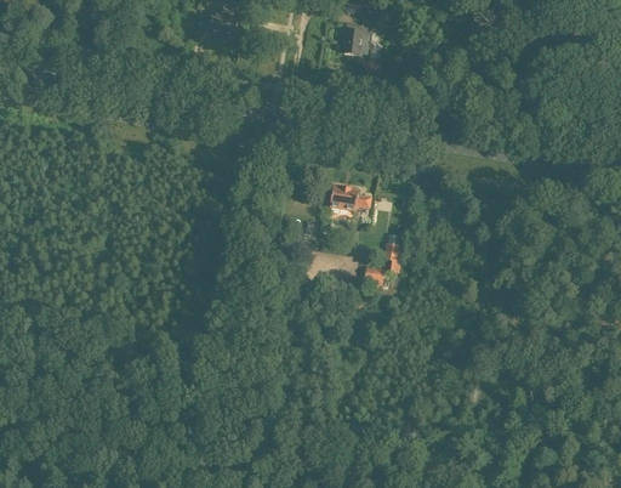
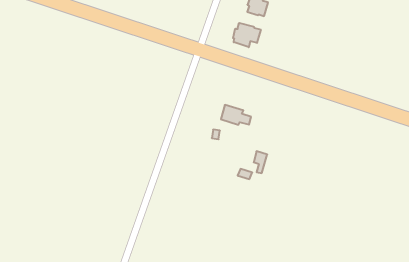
building: none -> [233,23,261,47]

